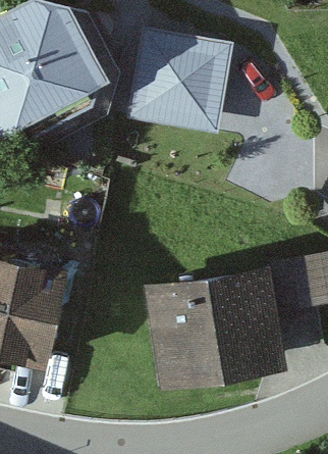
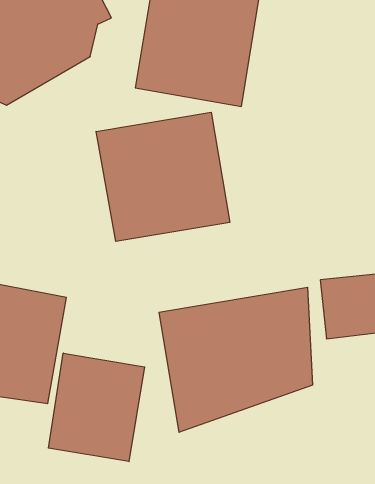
building: none -> [96,112,230,241]
building: none -> [48,353,145,462]

